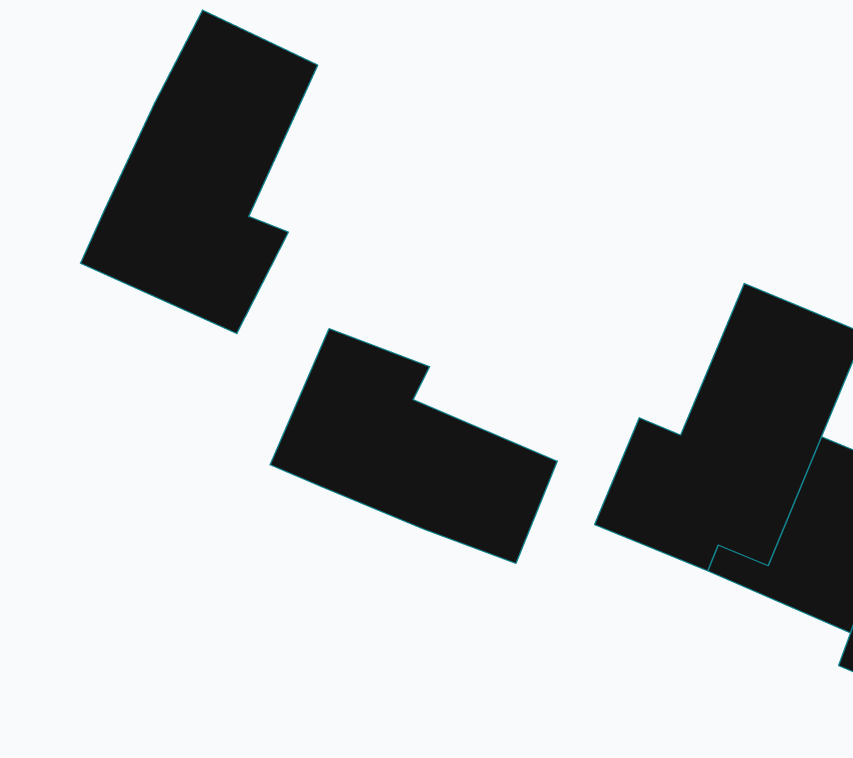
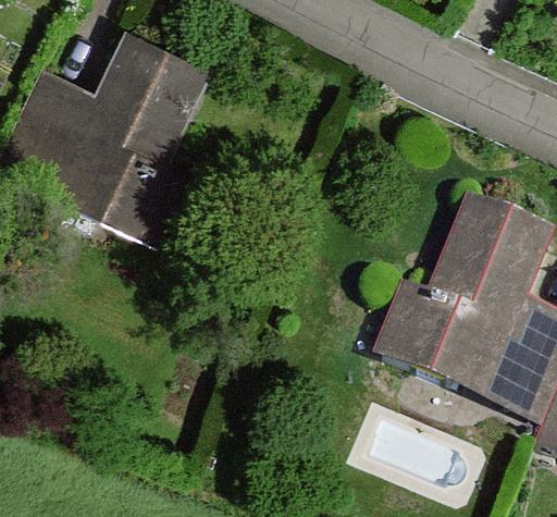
building: none -> [14,63,102,157]
building: [270,329,557,563] -> none

